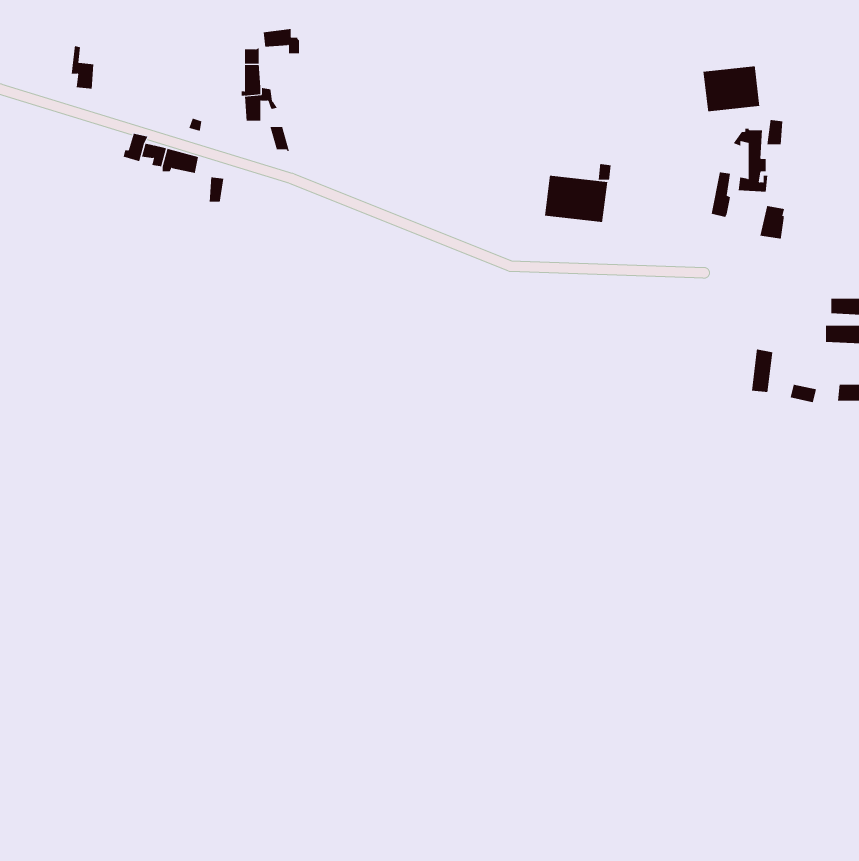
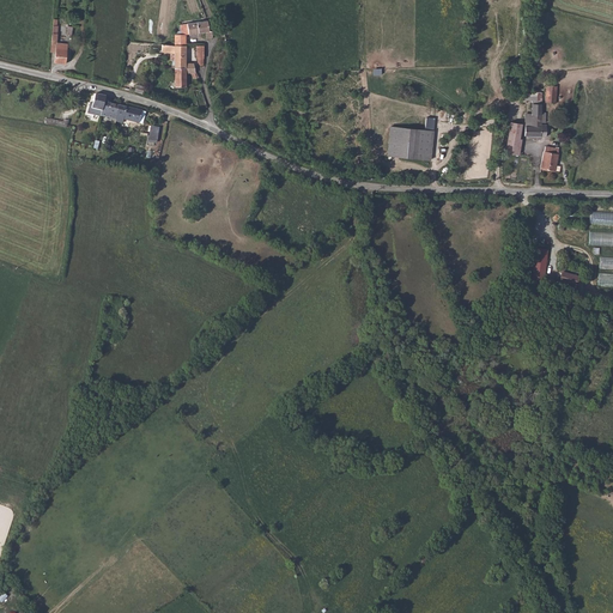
building: [703,65,760,112] -> none

